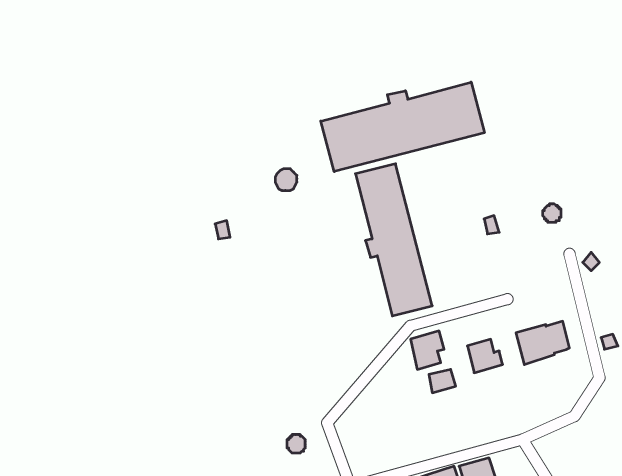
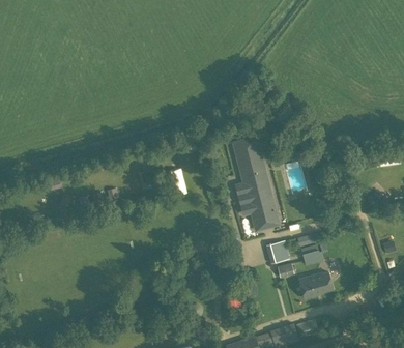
building: [321,82,484,172] -> none
building: [516,321,569,365] -> [299,271,333,298]

